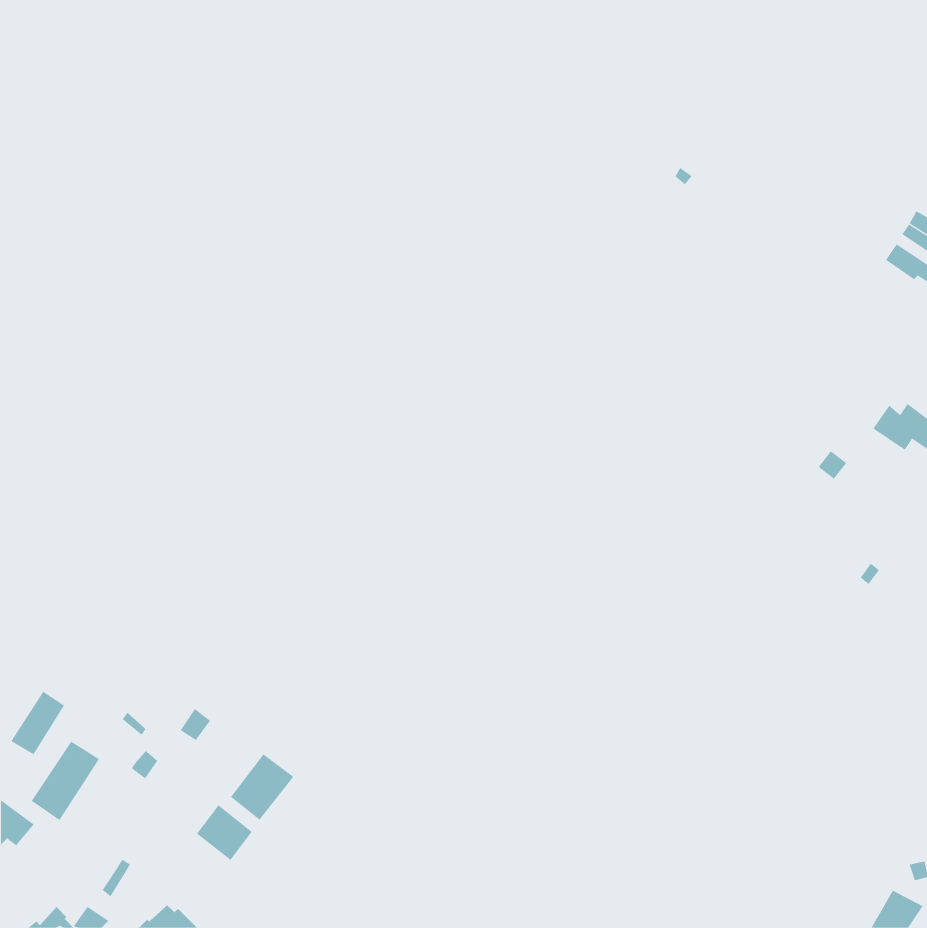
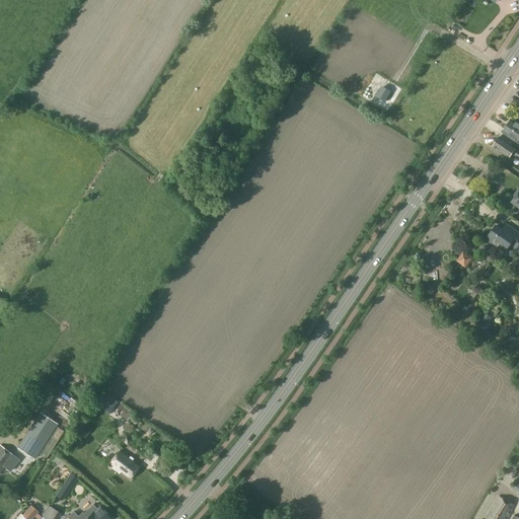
building: [11,691,65,755] -> none
building: [230,753,294,821] -> none

